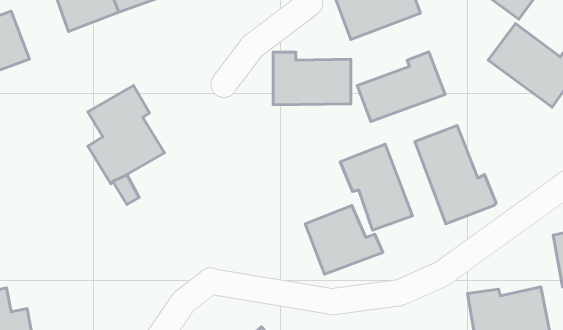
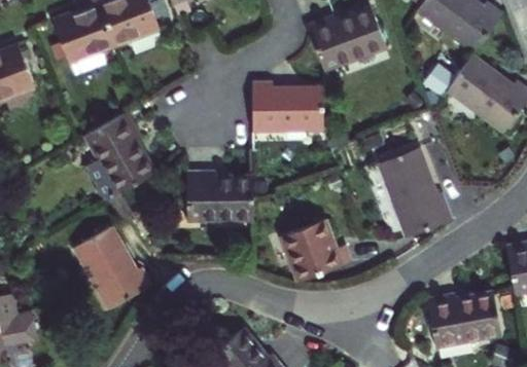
building: [357,52,445,122] -> none
building: [340,144,412,230] -> none
building: none -> [186,171,253,219]
building: none -> [75,228,152,309]

